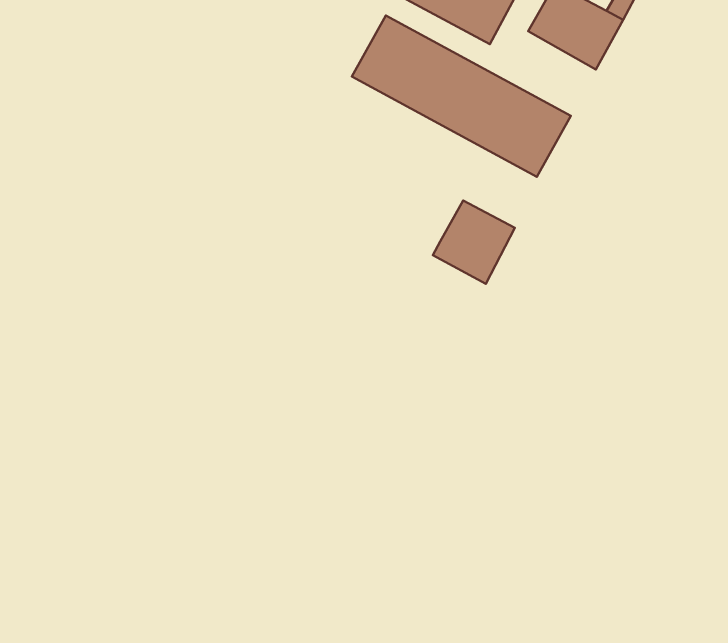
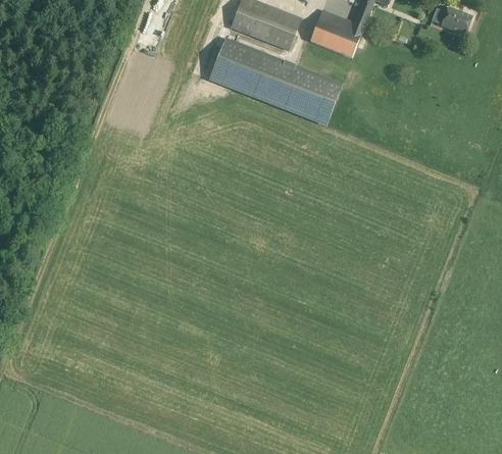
building: [433,200,515,284] -> none

